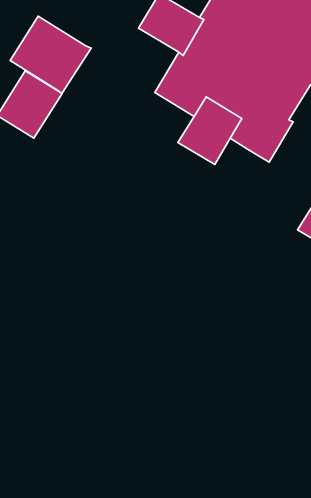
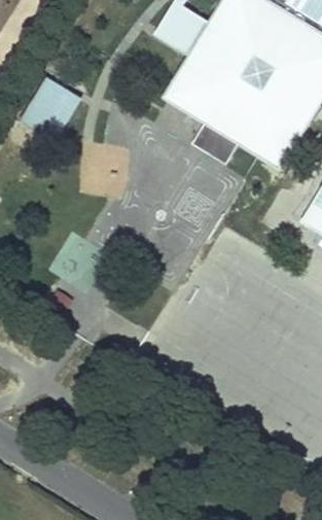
building: [10,16,91,93] -> none

